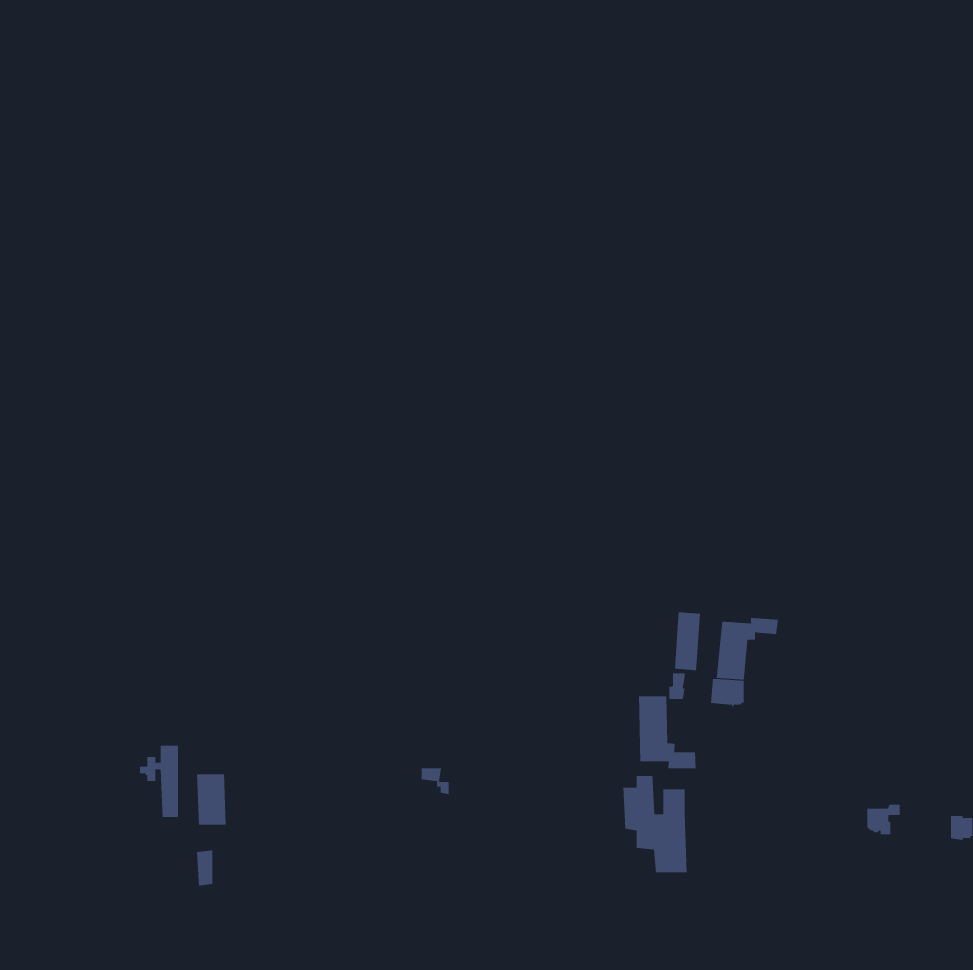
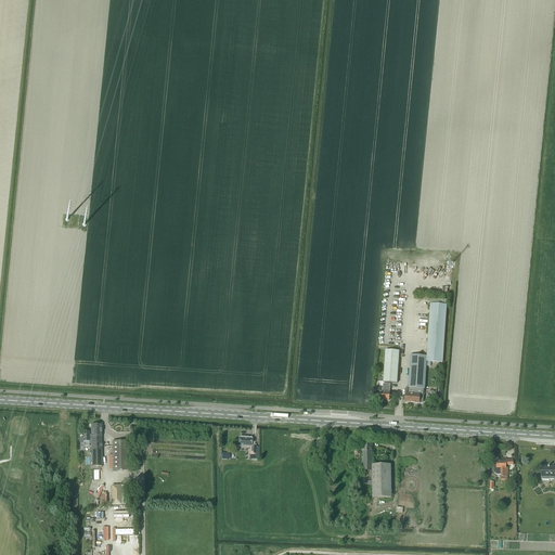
building: none -> [427,302,447,352]
building: [638,695,696,769] -> none

